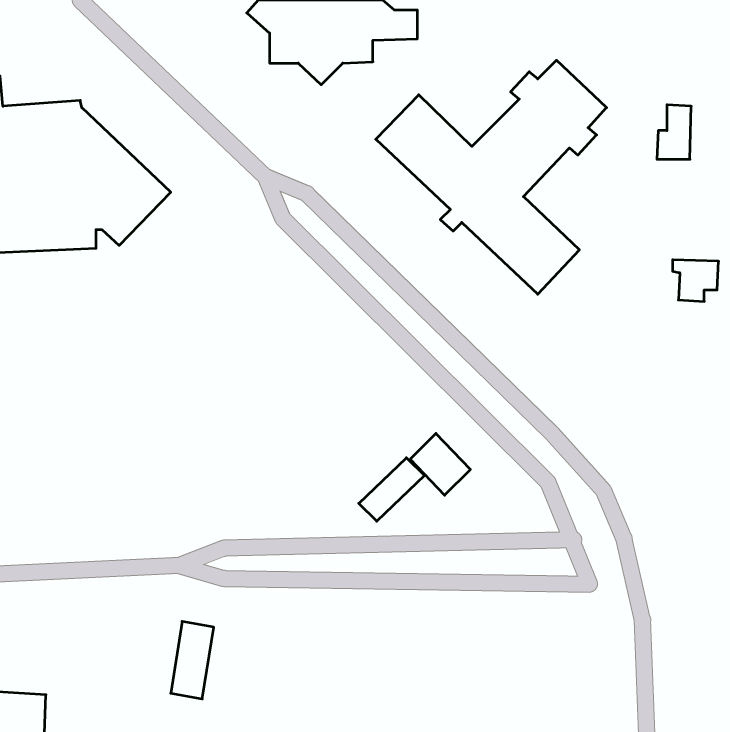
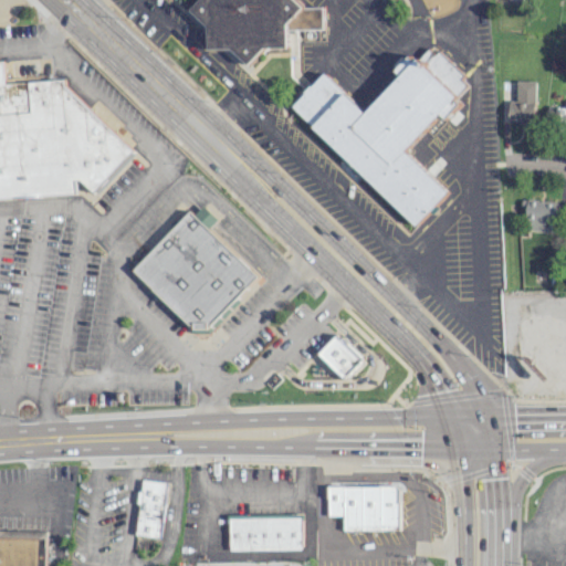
building: none -> [132,202,258,331]
building: [359,458,424,521] -> none
building: none -> [326,485,397,528]
building: none -> [227,516,298,549]

